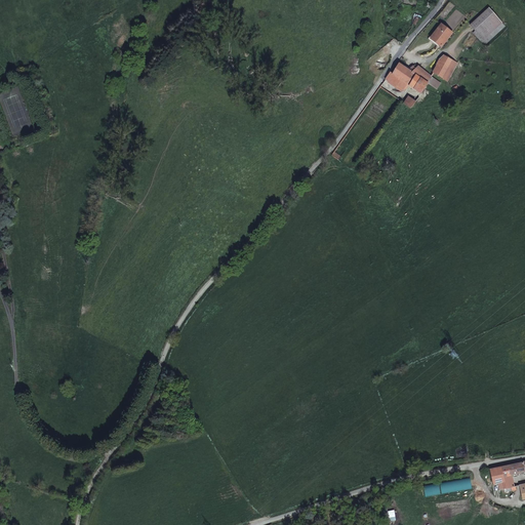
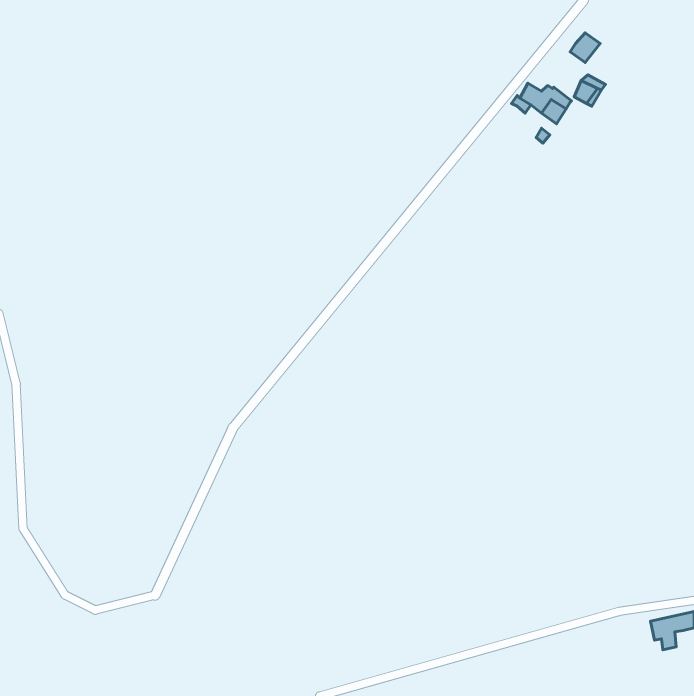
building: [470,7,501,39] -> none

